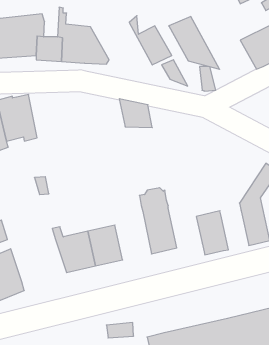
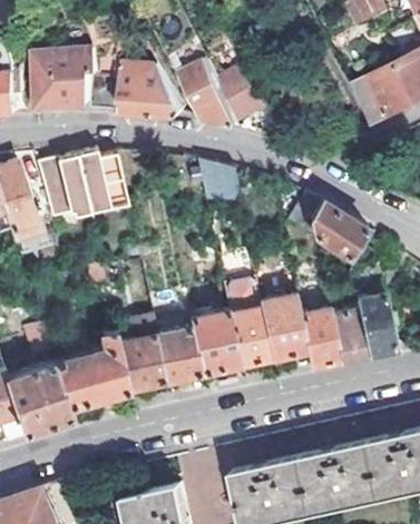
building: [169,17,220,69] -> [172,61,238,130]
building: none -> [75,151,125,212]
building: none -> [284,194,362,256]
building: none -> [258,295,303,357]
building: none -> [328,308,364,359]
building: none -> [187,309,236,373]
building: none -> [51,346,125,402]

